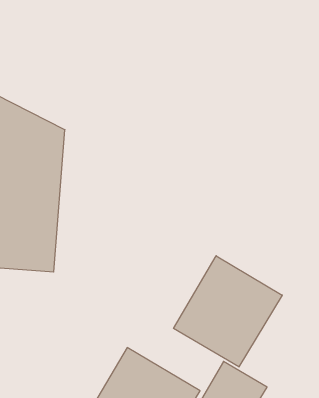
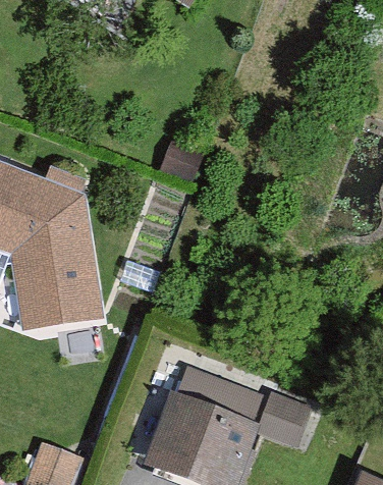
building: [174,256,282,367] -> none

